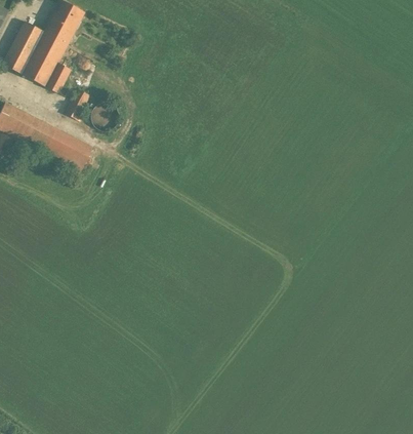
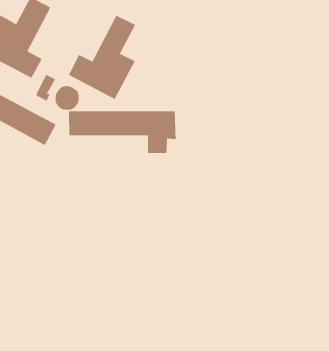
building: none -> [68,15,136,100]
building: none -> [69,110,176,154]

